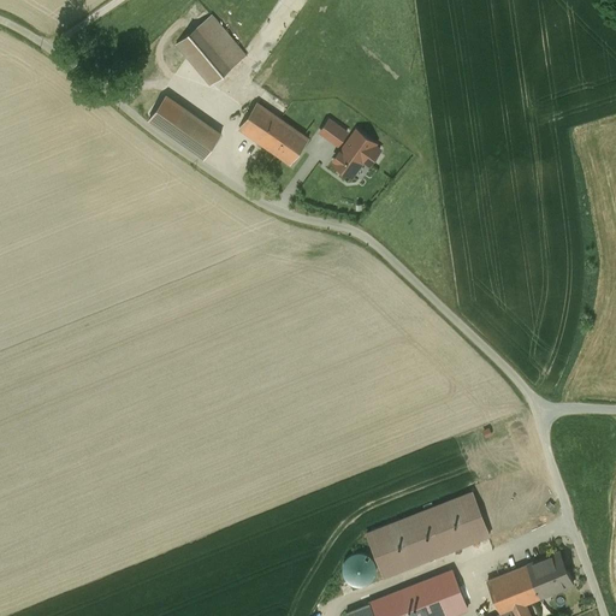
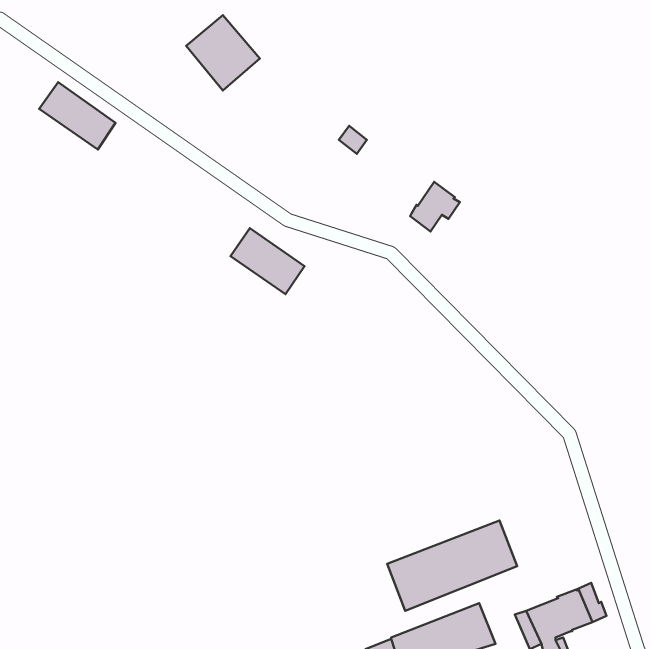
building: [148,96,220,160] -> [39,82,116,150]
building: [238,103,308,166] -> [231,228,304,294]
building: [333,131,380,178] -> [410,182,460,231]
building: [343,553,377,587] -> none

